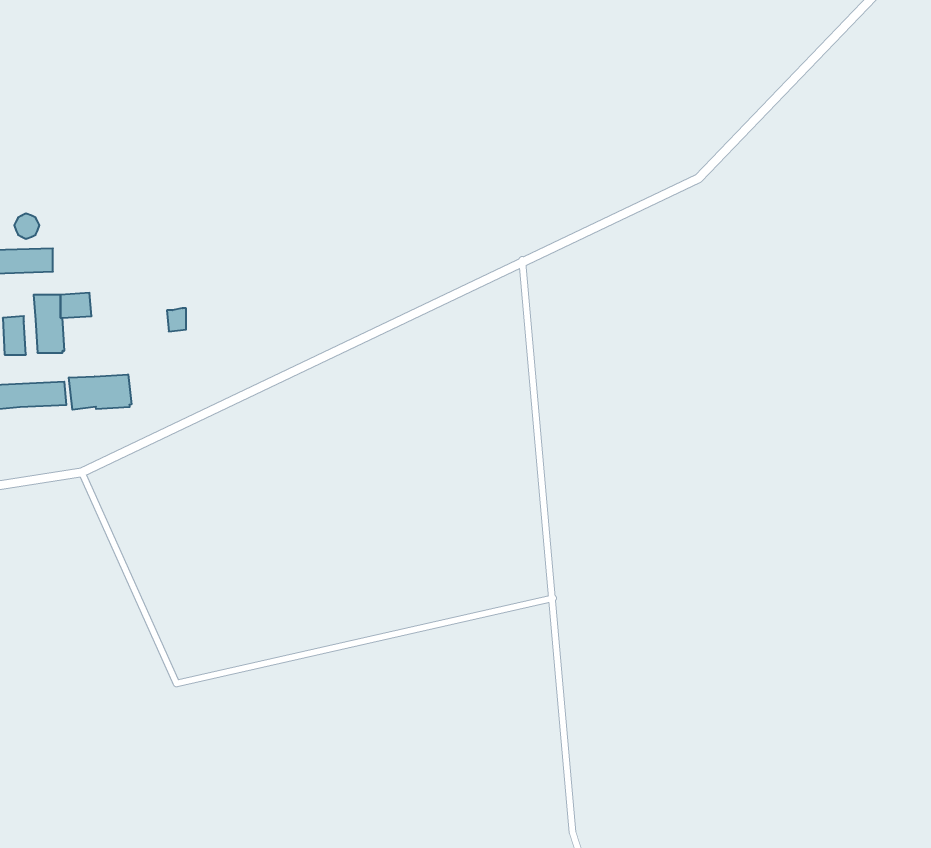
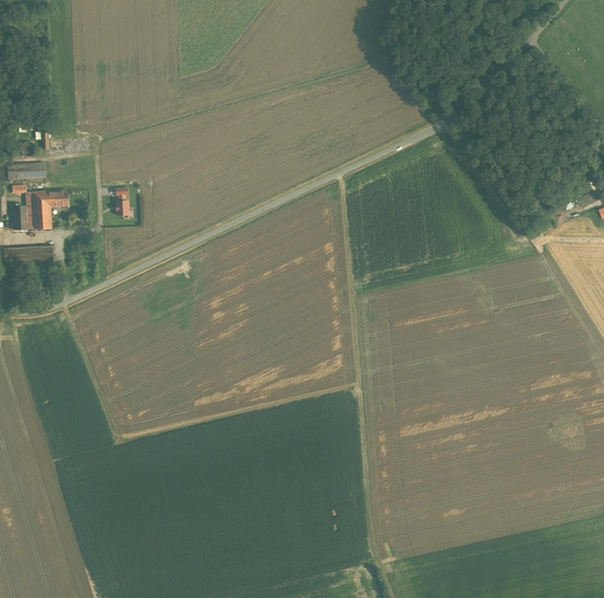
building: [69,374,131,410] -> none

